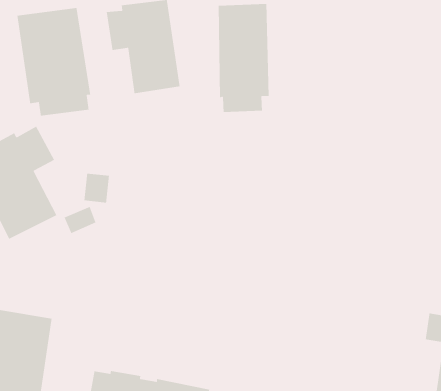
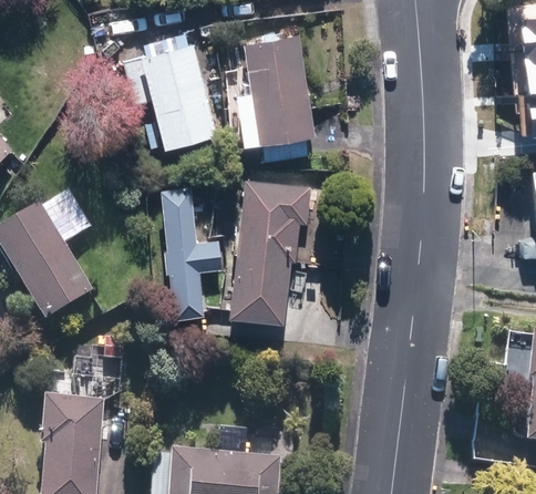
building: [16,7,91,117] -> none
building: none -> [231,176,327,318]
building: none -> [163,185,223,316]

